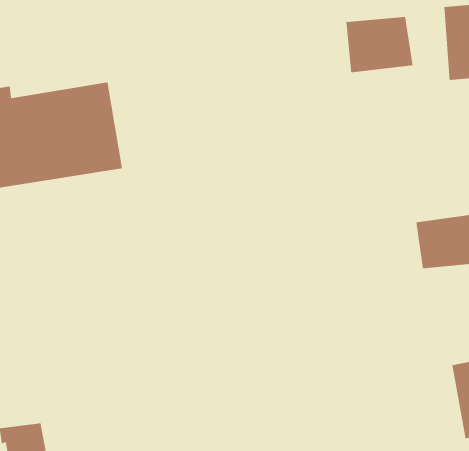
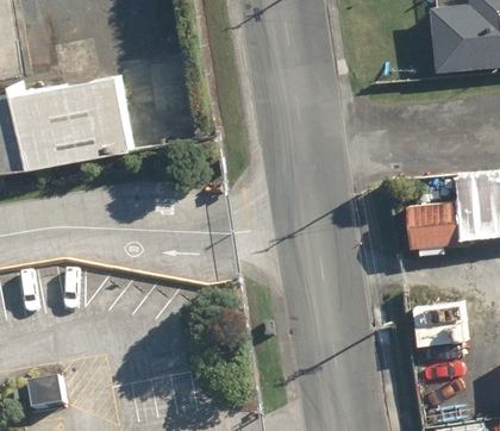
building: [346,16,413,73] -> none

